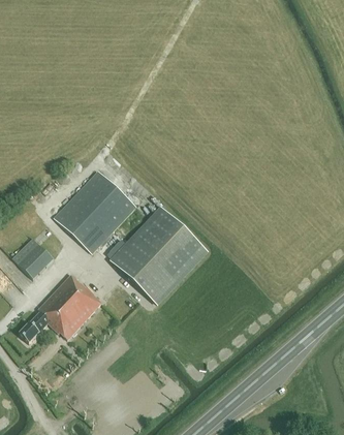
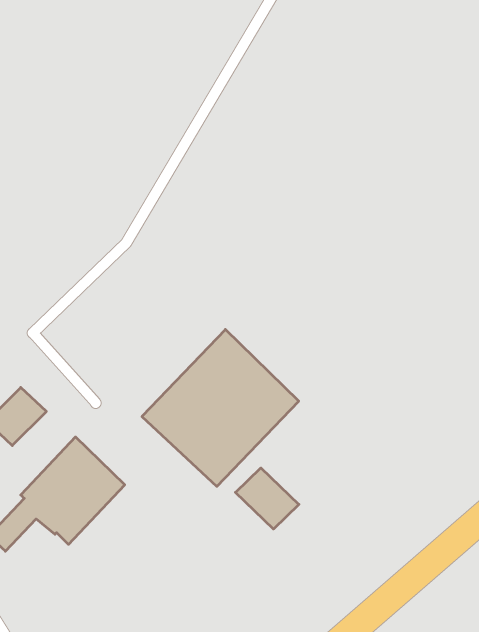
building: [54,170,134,253] -> none
building: none -> [235,468,299,529]

